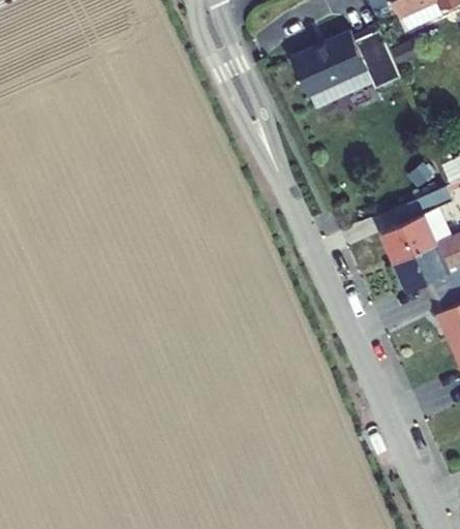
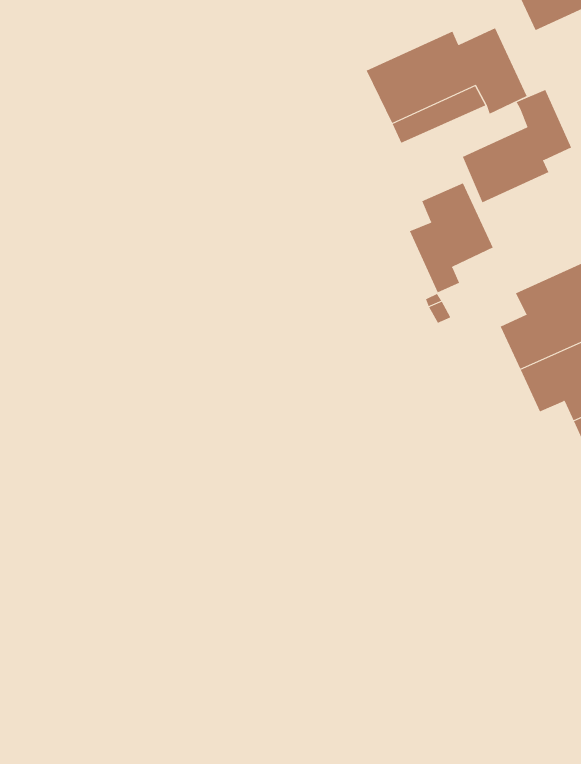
building: none -> [462,89,572,203]
building: none -> [409,183,493,293]

